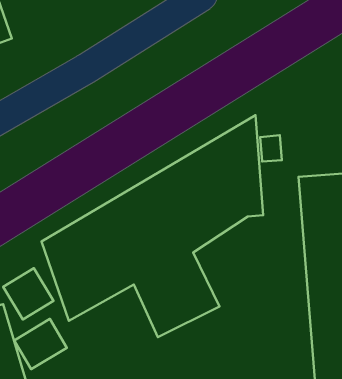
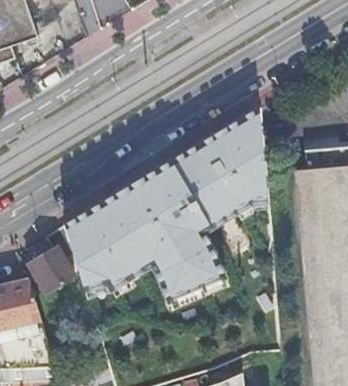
building: [14,319,67,369] -> none

